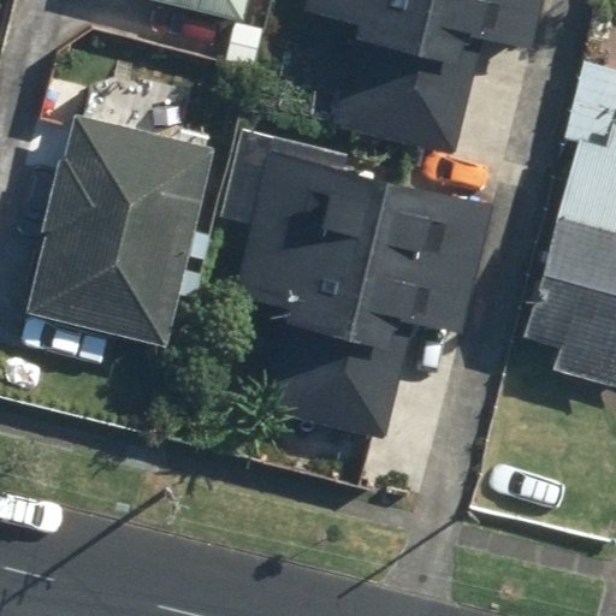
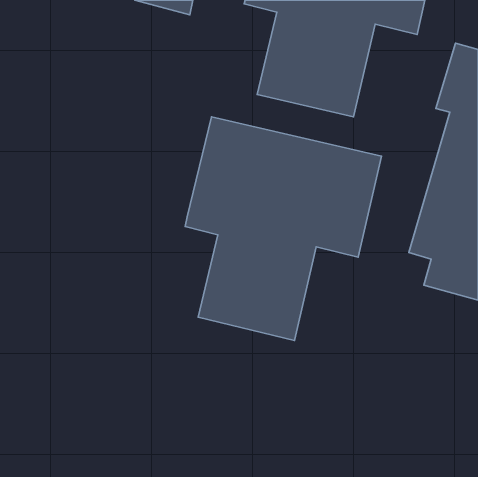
building: [30,113,214,344] -> none

